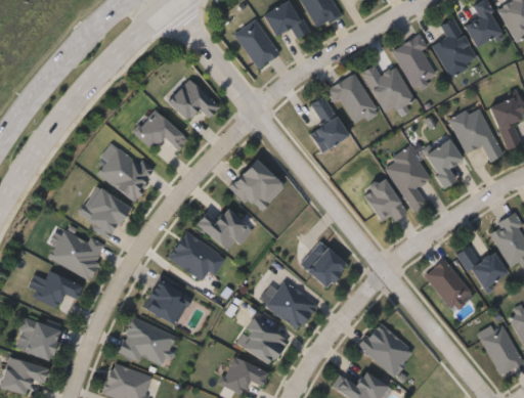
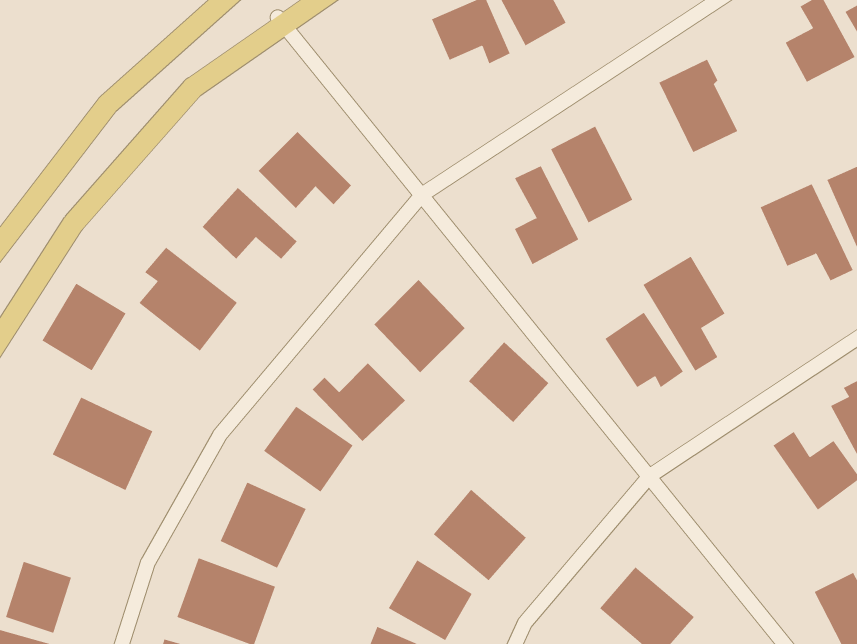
building: [434,18,479,78] -> none
building: [234,19,279,69] -> none
building: [362,65,414,116] -> none
building: [424,139,464,188] -> none
building: [81,189,129,239] -> [42,283,126,371]
building: [301,242,347,289] -> [468,341,549,423]
building: [425,259,472,312] -> none
building: [30,271,83,309] -> none

